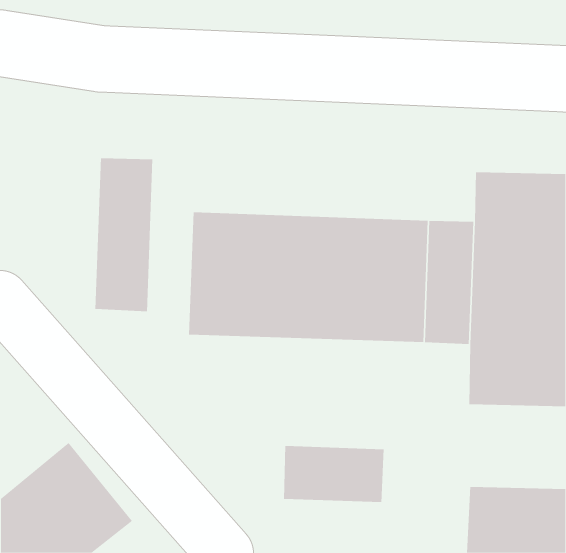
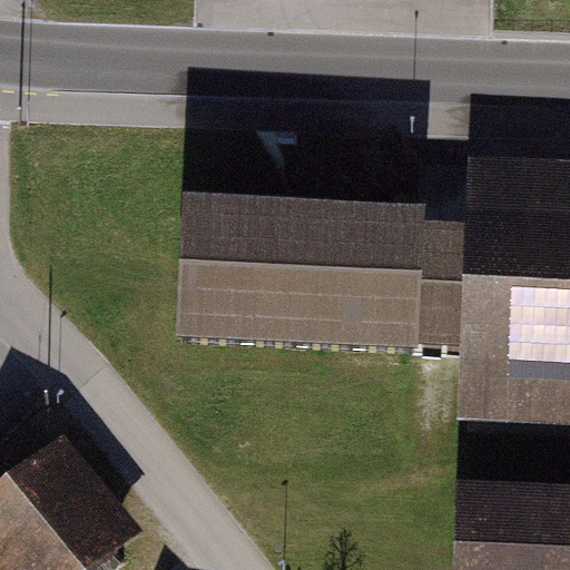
building: [95,158,153,312] -> none
building: [283,445,384,503] -> none

